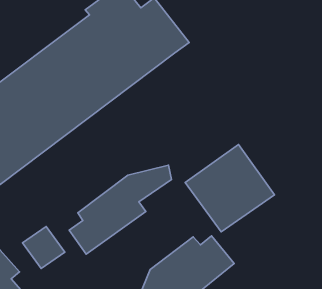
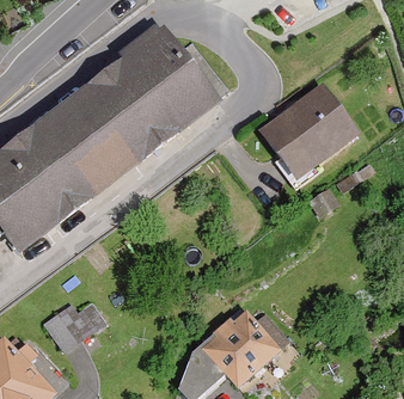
building: [185,145,275,232] -> [255,81,359,183]
building: [69,165,171,254] -> none

